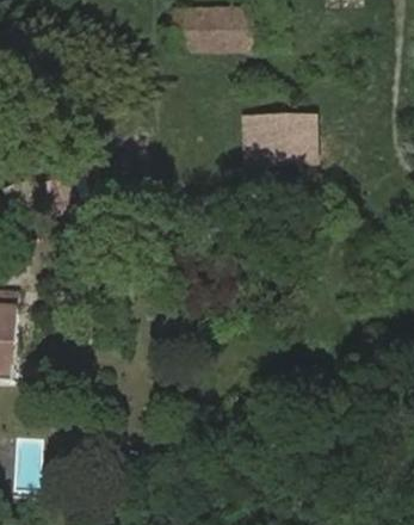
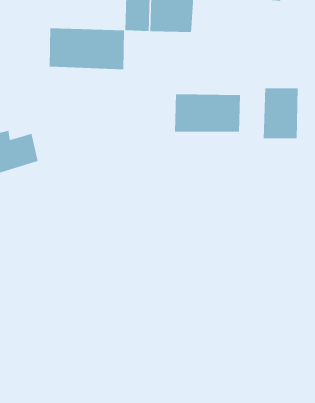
building: none -> [49,28,124,70]
building: none -> [263,88,298,139]

